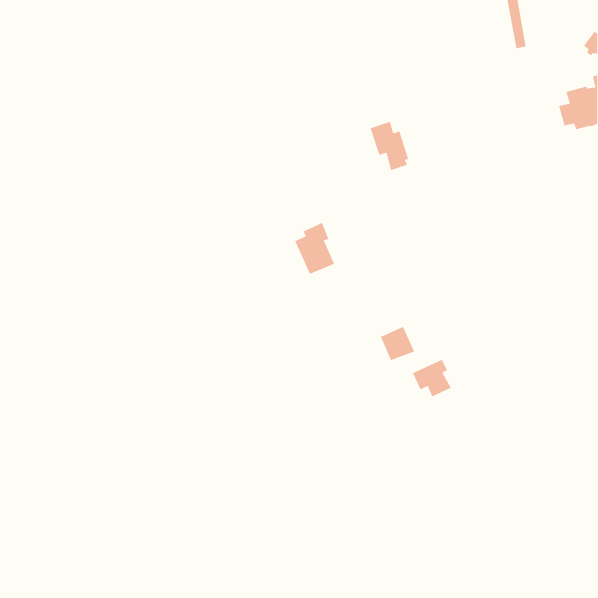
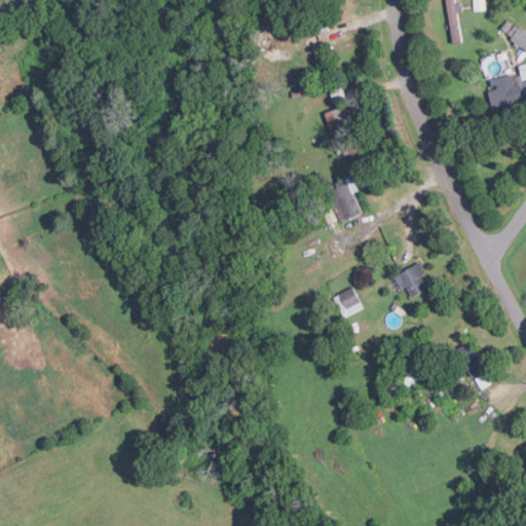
building: [294,222,335,275] -> [327,175,363,221]
building: [412,359,452,397] -> [392,262,427,296]

